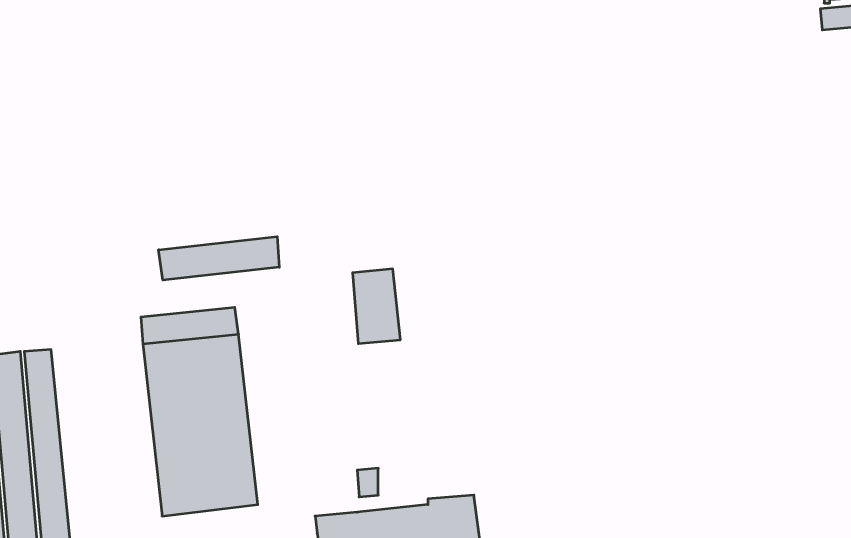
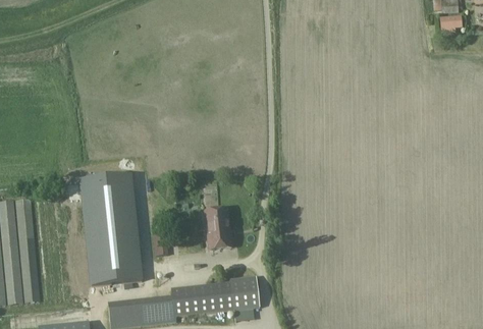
building: [159,237,279,280] -> none
building: [353,269,400,344] -> [207,209,232,249]

